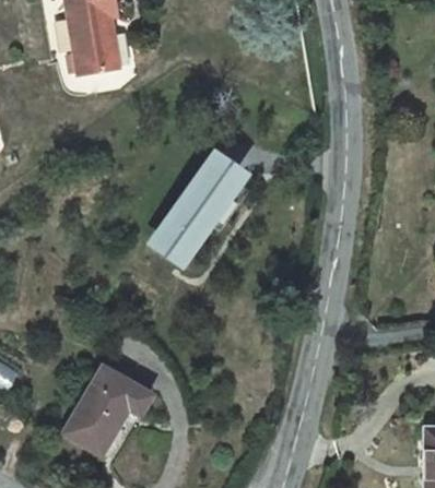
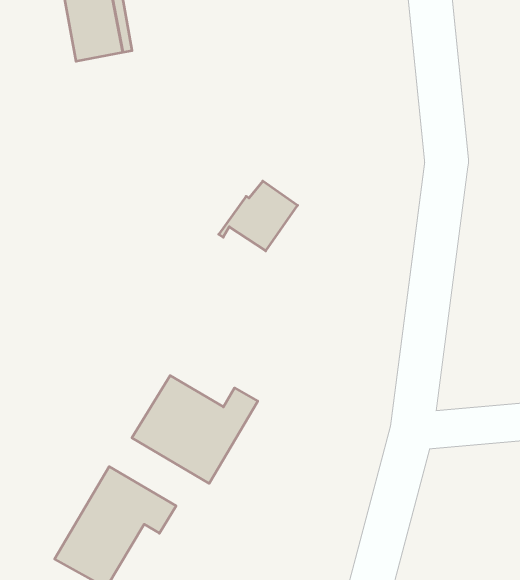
building: [157,193,215,255] -> none
building: none -> [132,376,258,483]

